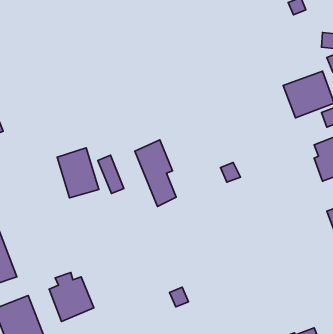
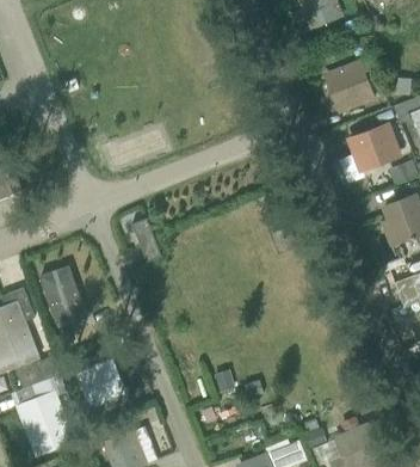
building: none -> [321,56,376,115]
building: [135,140,176,206] -> none
building: [57,148,99,198] -> [36,259,84,317]

